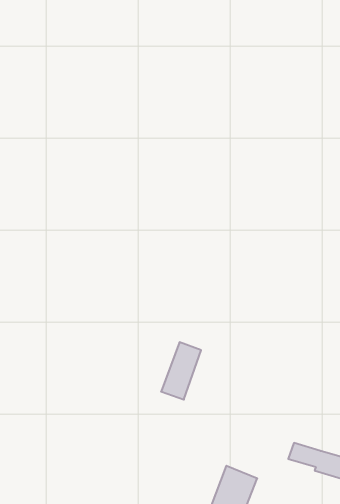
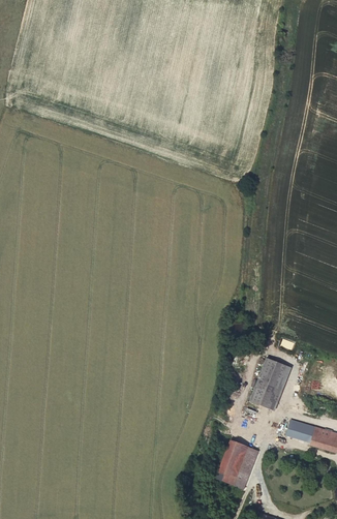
building: [161,342,201,400] -> [250,358,286,409]

